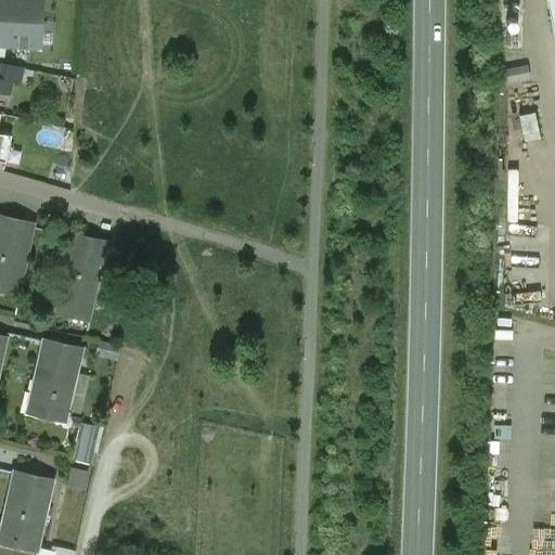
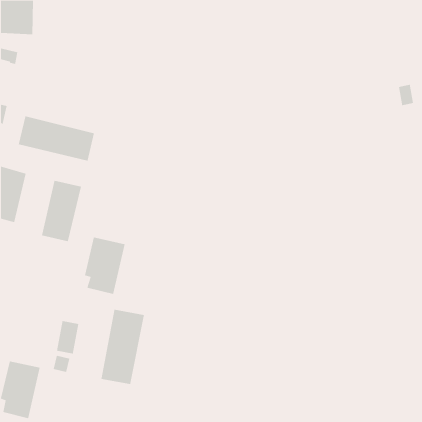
building: none -> [18,115,95,161]
building: [28,341,82,417] -> [84,237,125,295]
building: none -> [101,309,145,385]

